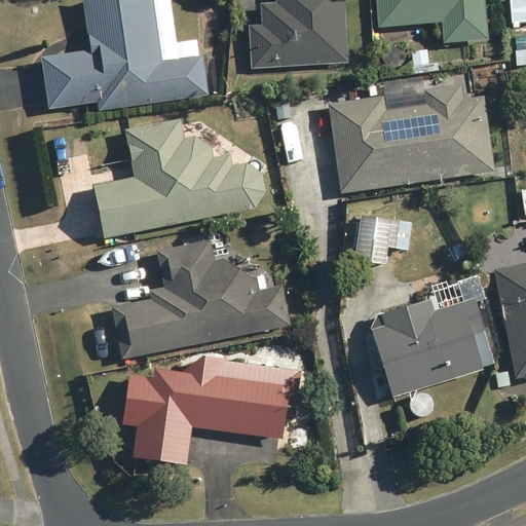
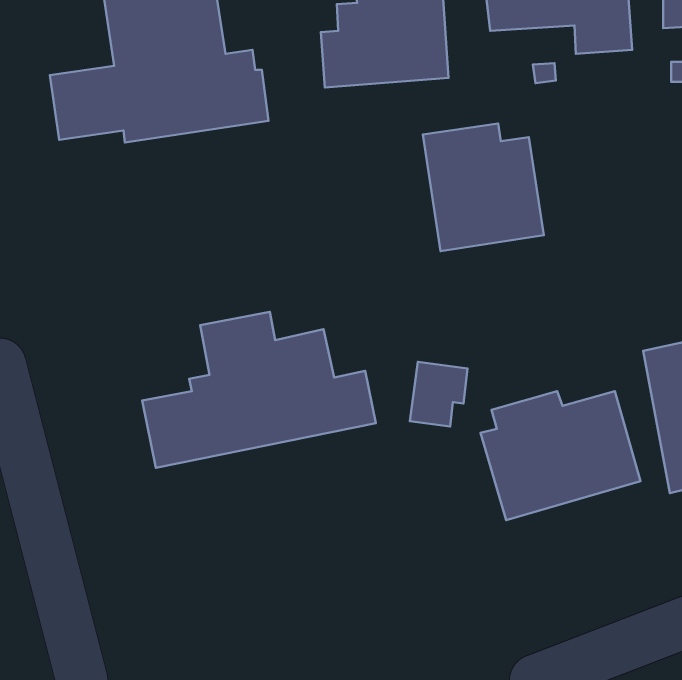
building: [408,83,494,180] -> none
building: [92,117,266,238] -> none
building: [354,215,399,264] -> [410,362,467,426]
building: [121,355,301,464] -> none

